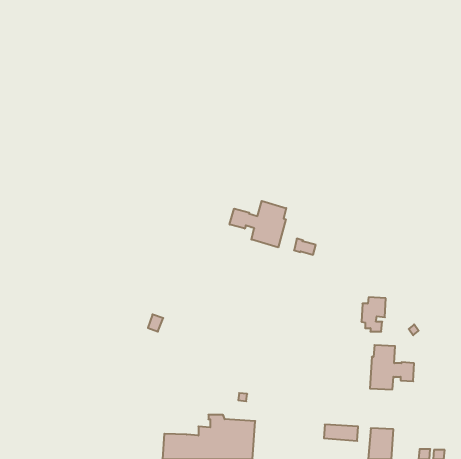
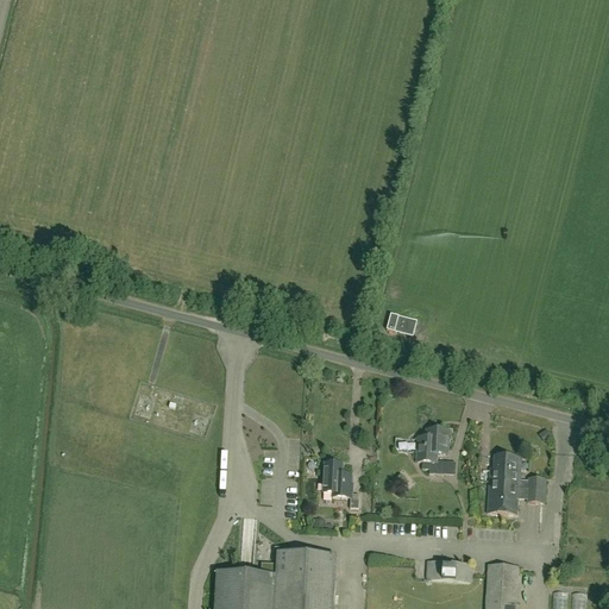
building: [230,201,286,247] -> none
building: [361,297,386,332] -> [417,427,450,472]
building: none -> [322,462,359,507]

